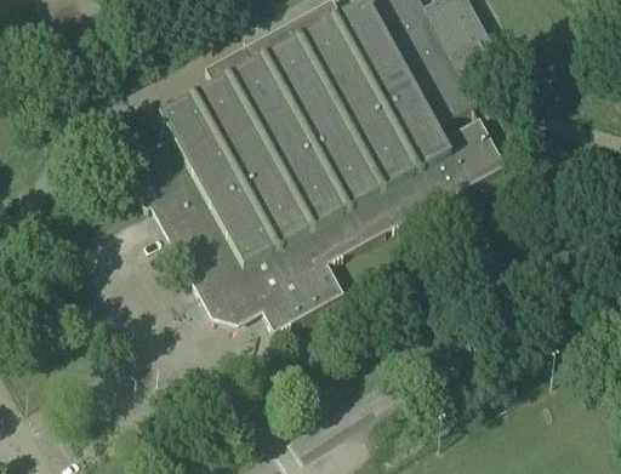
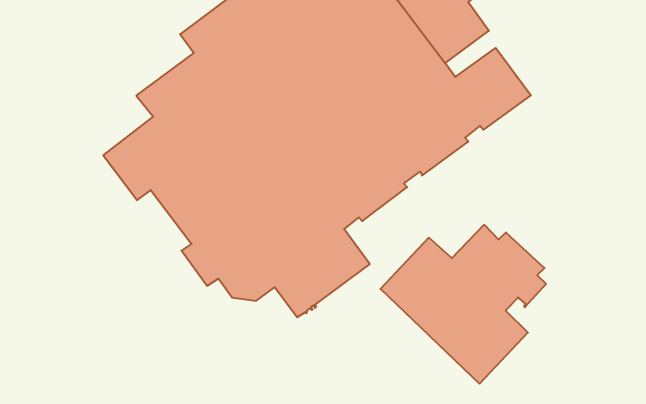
building: none -> [380,225,546,384]

